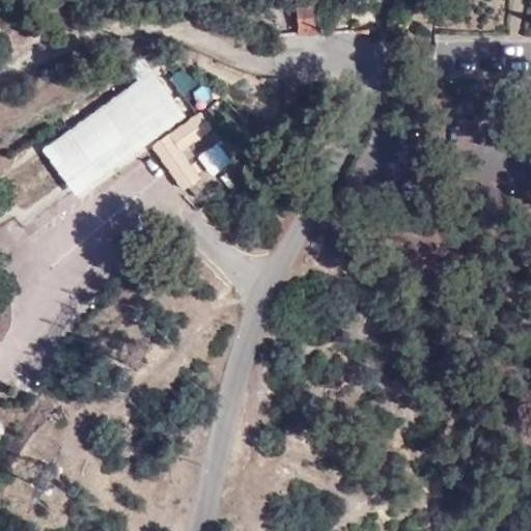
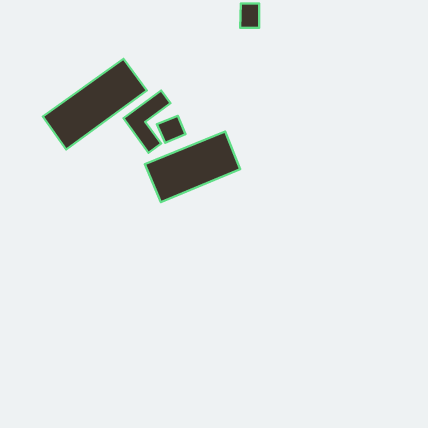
building: [40,71,185,197] -> none
building: none -> [145,131,240,202]

